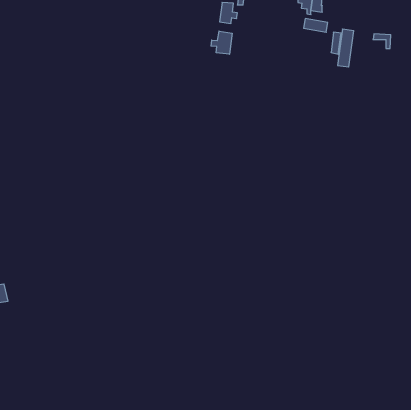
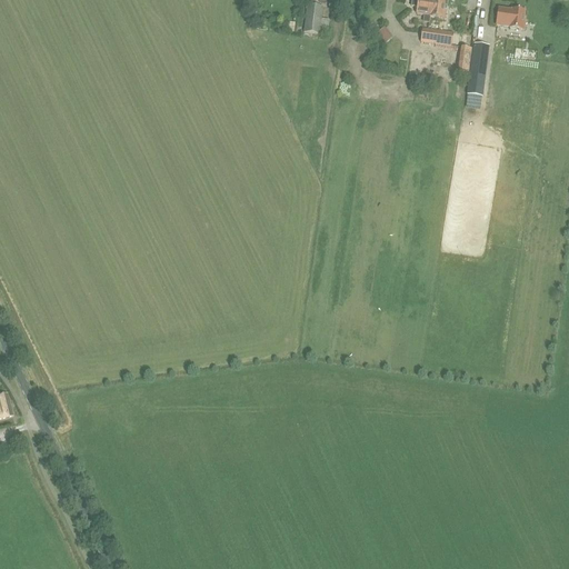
building: none -> [495,6,523,28]
building: [211,31,232,54] -> none

